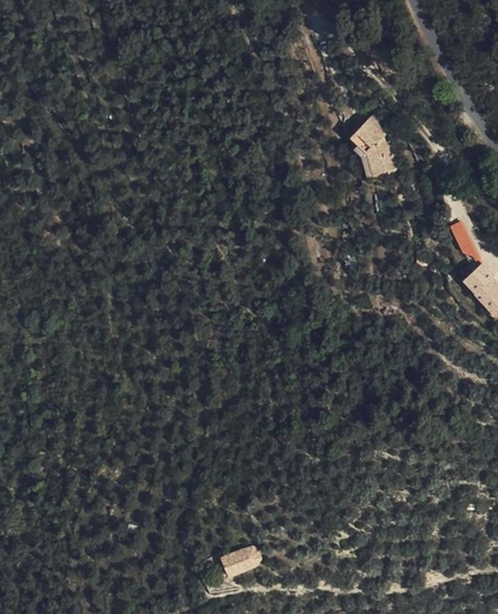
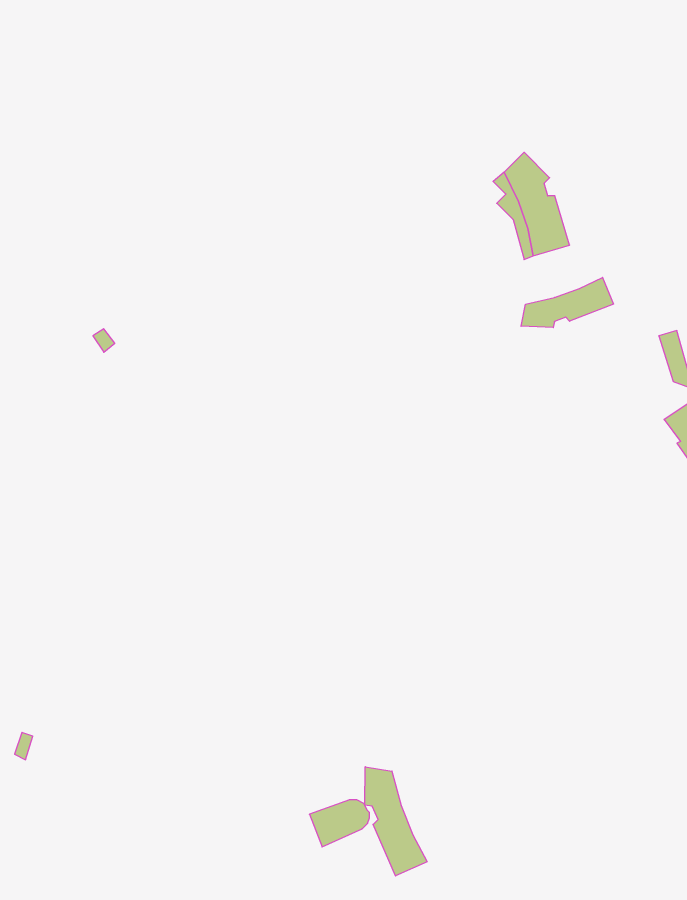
building: none -> [521,277,613,328]
building: none -> [365,767,427,876]

